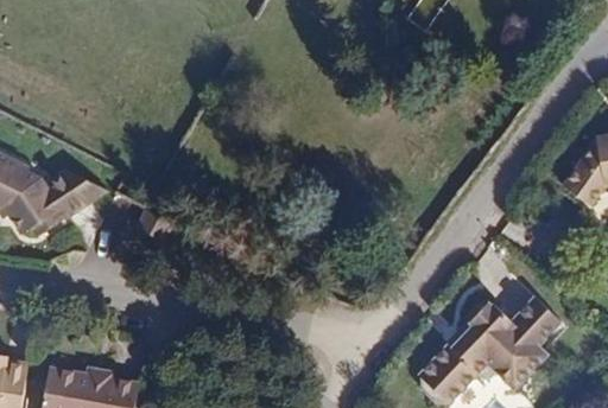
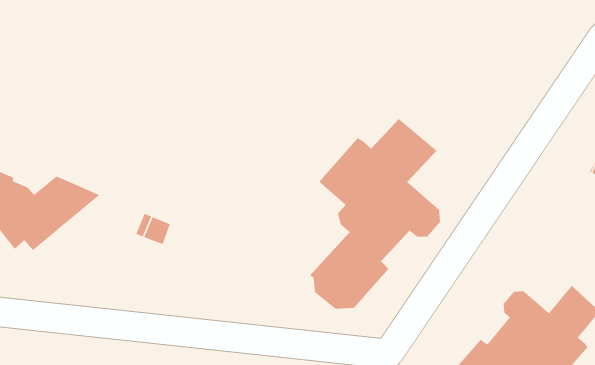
building: none -> [309,118,441,309]

